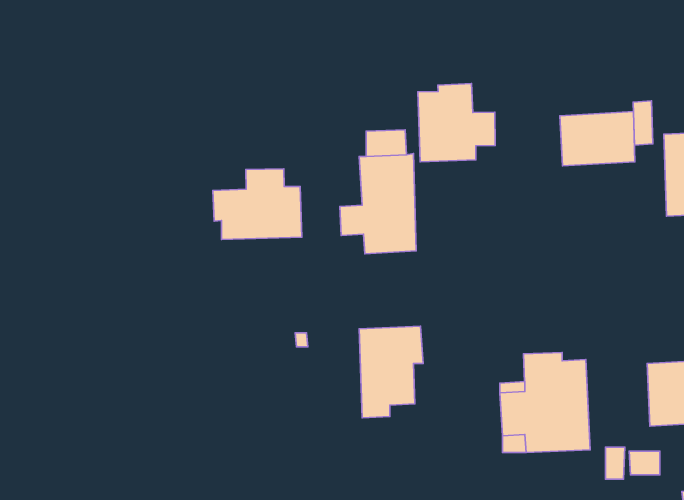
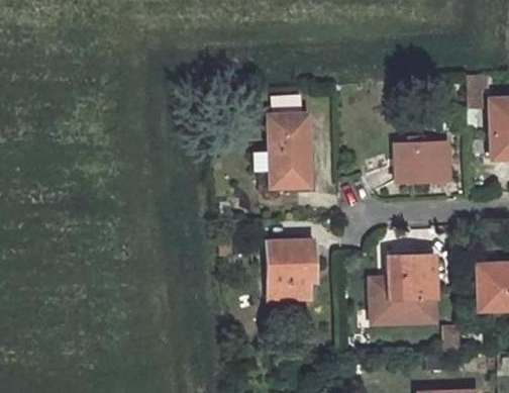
building: [418,84,495,162] -> none
building: [560,112,635,166] -> [395,141,449,181]
building: [213,169,302,239] -> none

